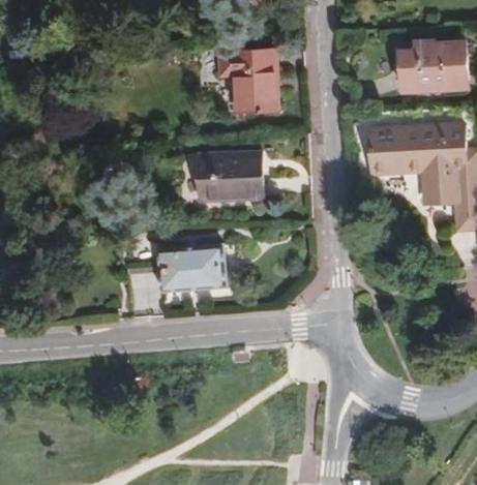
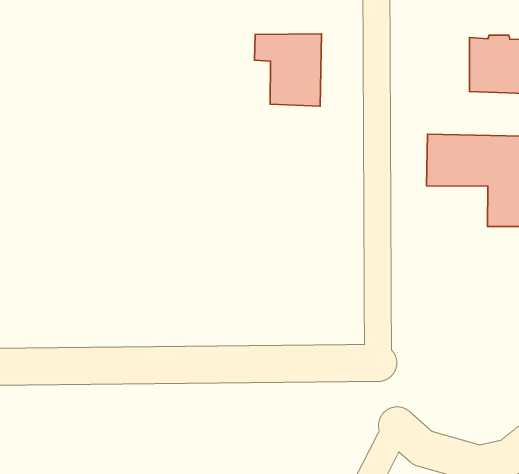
building: [198,154,259,201] -> none
building: [158,249,225,289] -> none

